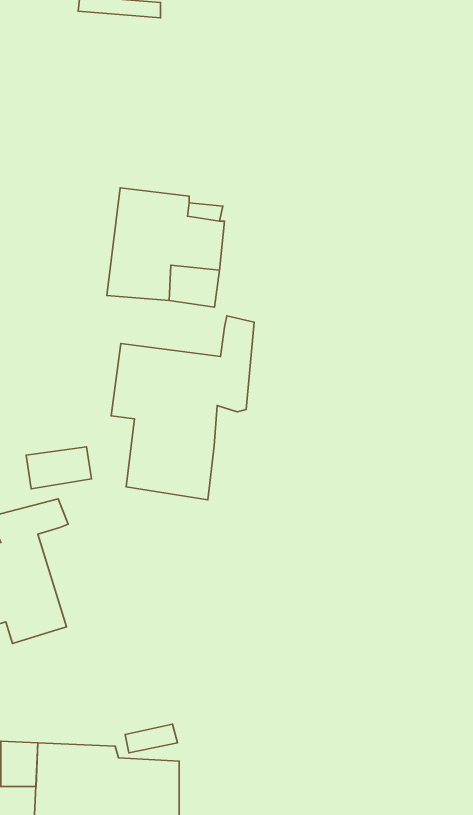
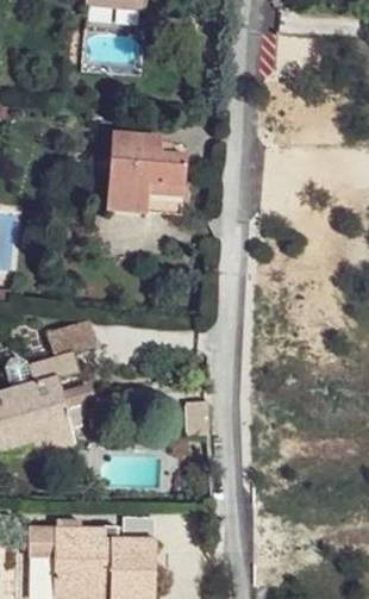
building: [111,316,254,500] -> none

